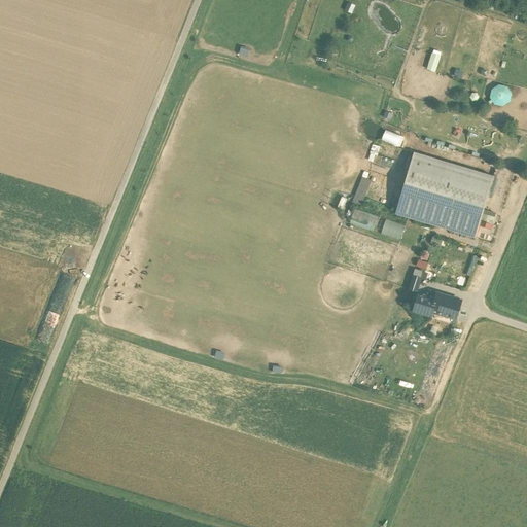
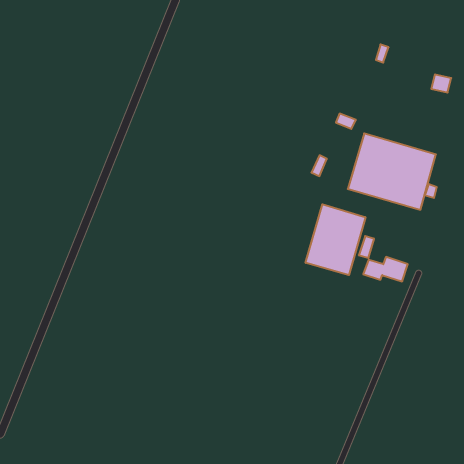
building: none -> [306,204,365,275]

